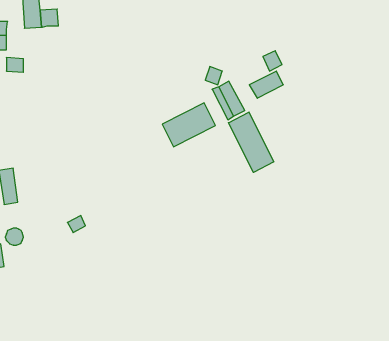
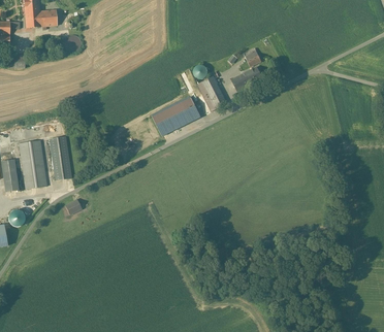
building: [228,112,274,172] -> none
building: none -> [49,136,70,180]
building: none -> [20,137,46,186]

